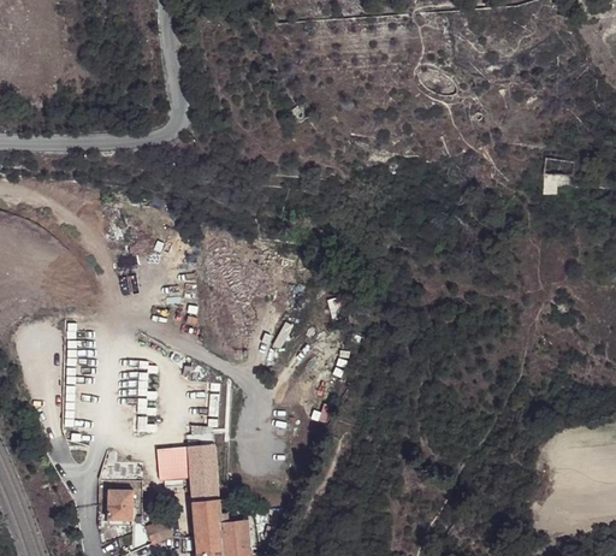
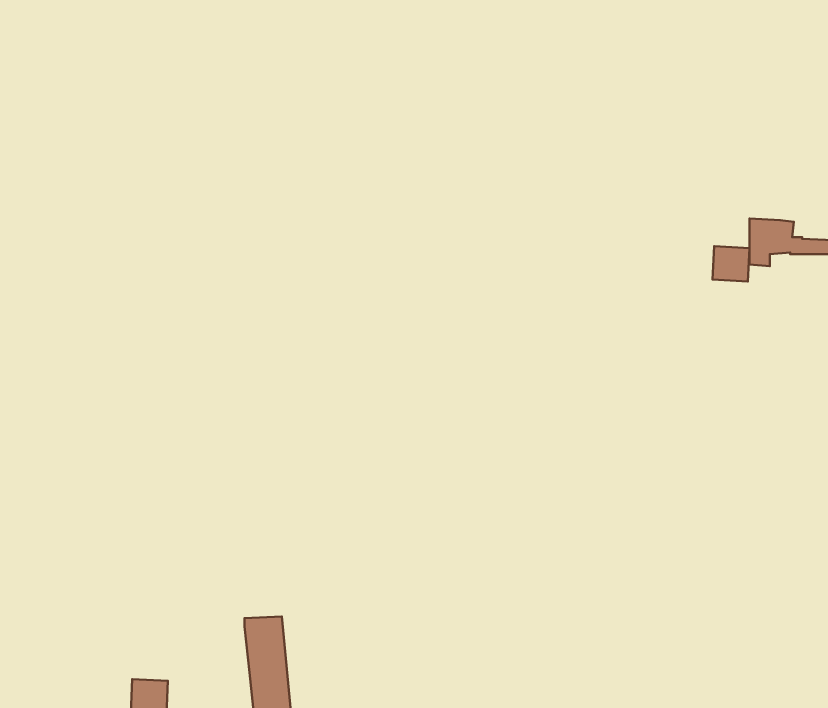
building: none -> [712,246,749,281]
building: [158,450,190,484] -> none

